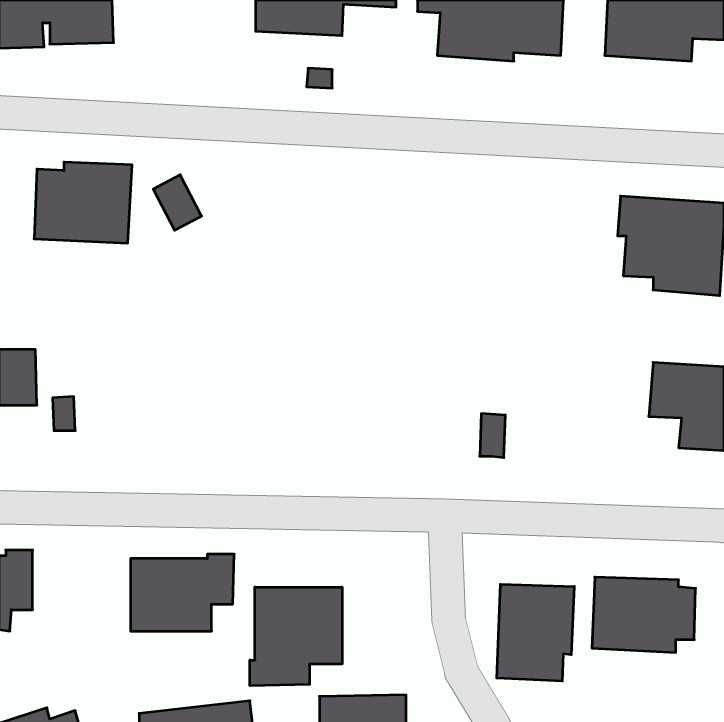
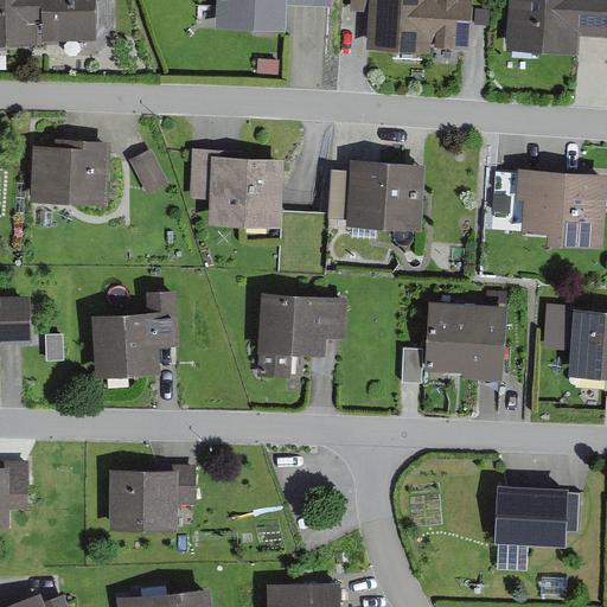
building: none -> [190,149,285,228]
building: none -> [326,158,424,231]
building: none -> [90,290,178,378]
building: none -> [255,293,347,381]
building: none -> [424,293,507,382]
building: [497,584,574,681] -> none
building: [250,587,342,686] -> none

